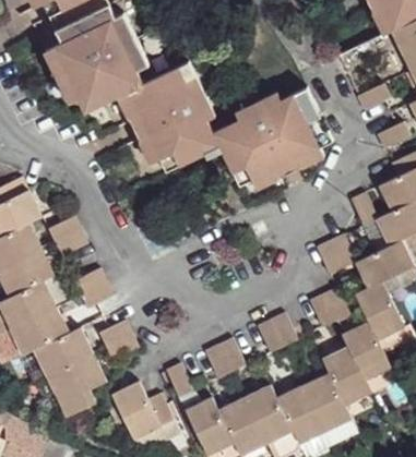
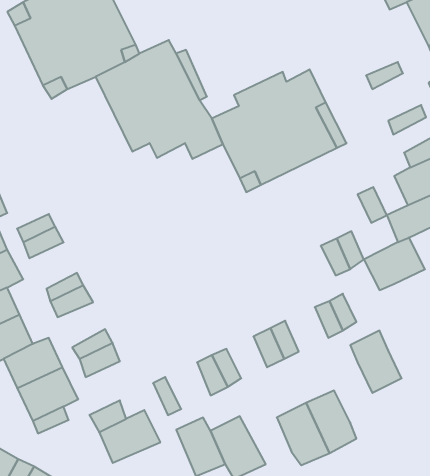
building: [355,280,404,339] -> none
building: [323,350,369,404] -> none
building: [245,387,290,441] -> none

